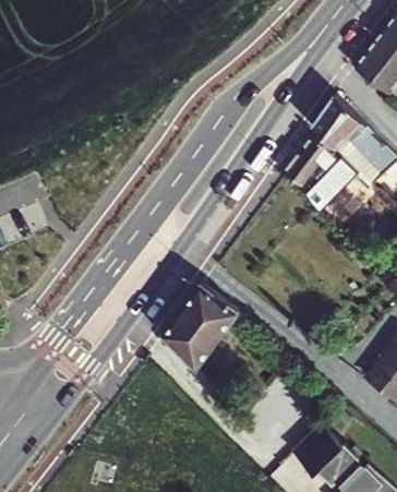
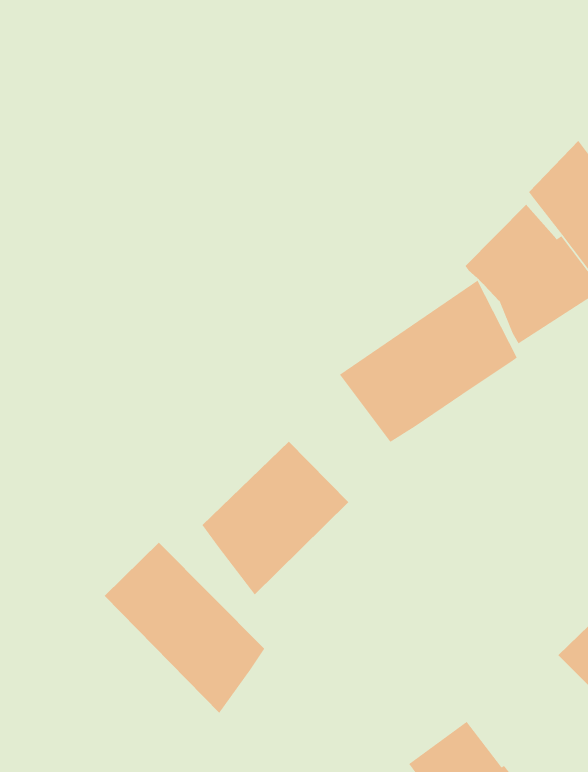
building: none -> [339,279,518,443]
building: none -> [104,542,265,714]

